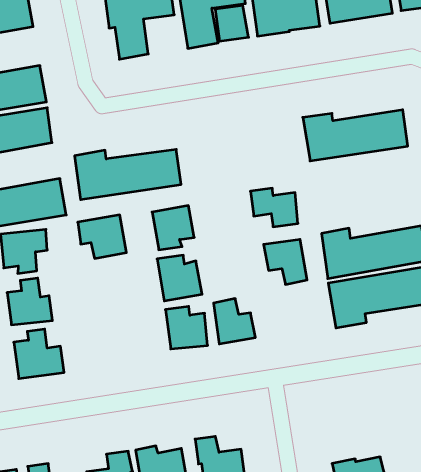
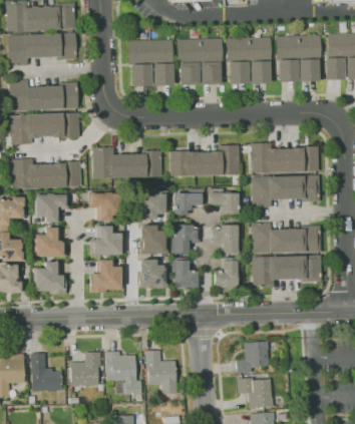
building: none -> [153,63,173,85]
building: none -> [169,144,239,175]
building: none -> [251,174,319,206]
building: none -> [172,187,203,215]
building: none -> [172,224,196,254]
building: none -> [90,225,121,255]
building: none -> [214,257,238,291]
building: none -> [89,260,121,291]
building: none -> [238,341,270,373]

